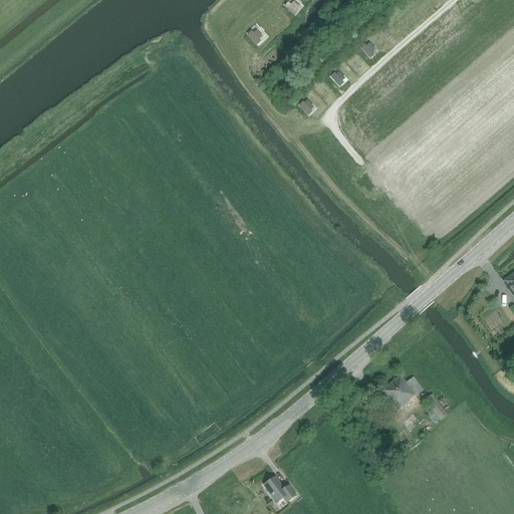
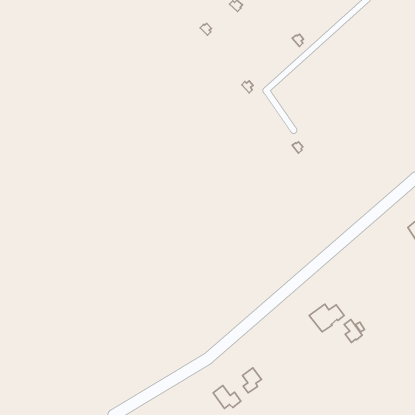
building: none -> [242,368,262,393]

